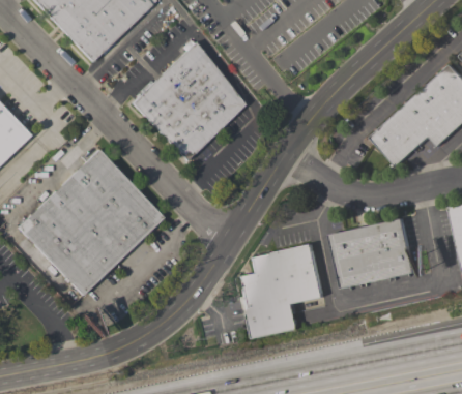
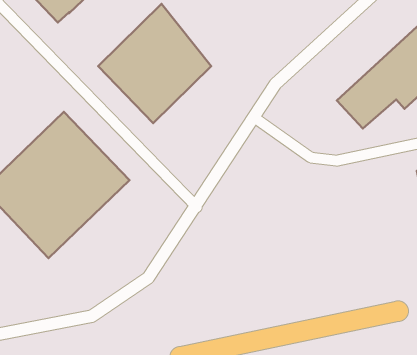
building: [330,218,414,287] -> none
building: [239,244,323,338] -> none

